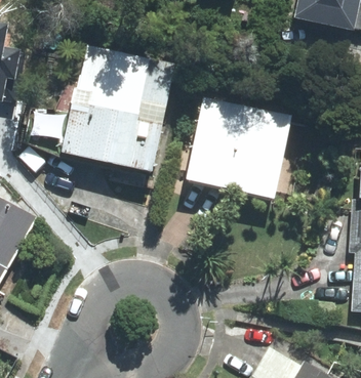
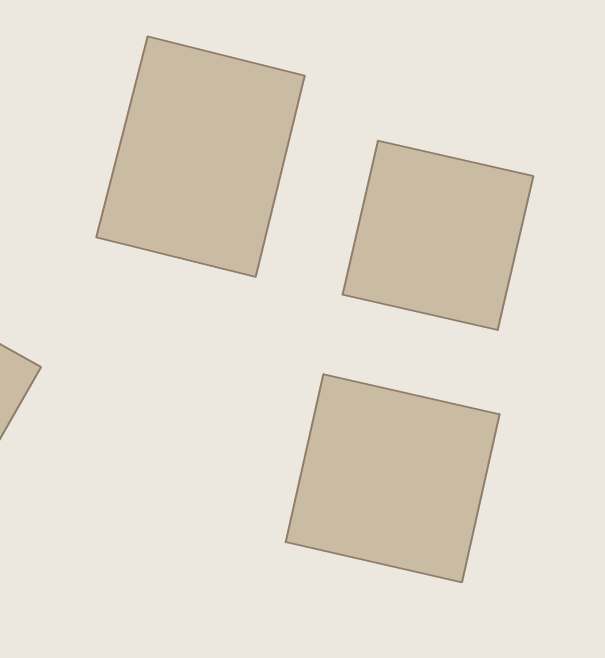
building: none -> [286,374,499,582]

